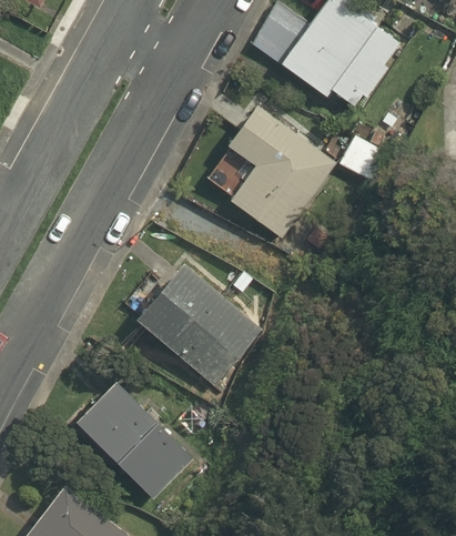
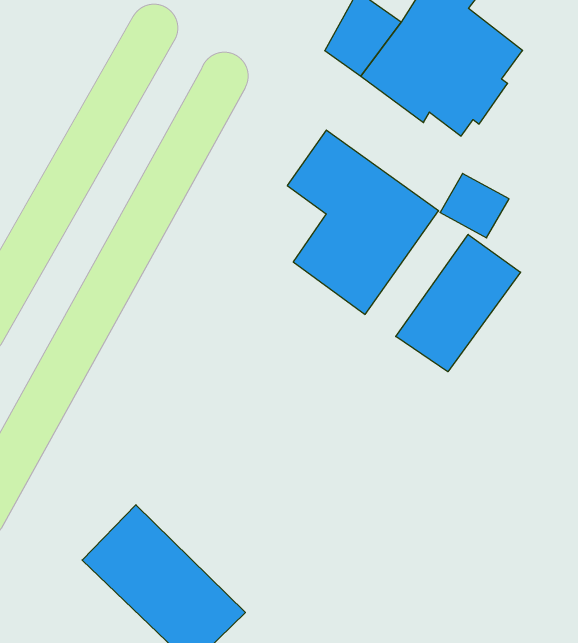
building: none -> [396,234,521,372]
building: [134,262,263,387] -> none

